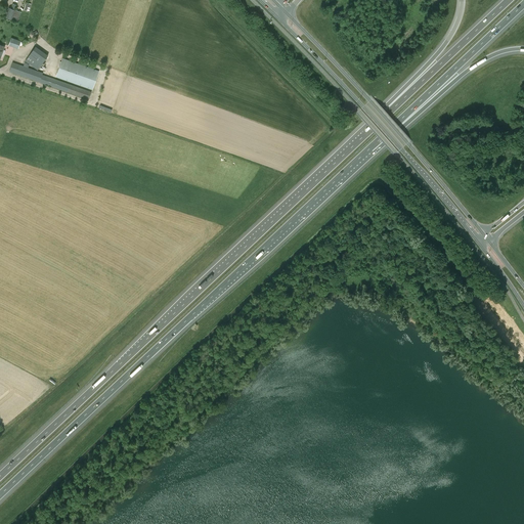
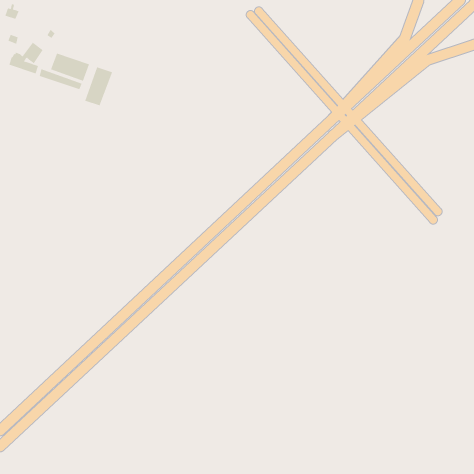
building: none -> [85,66,113,106]

